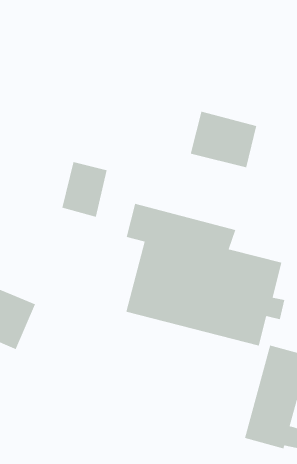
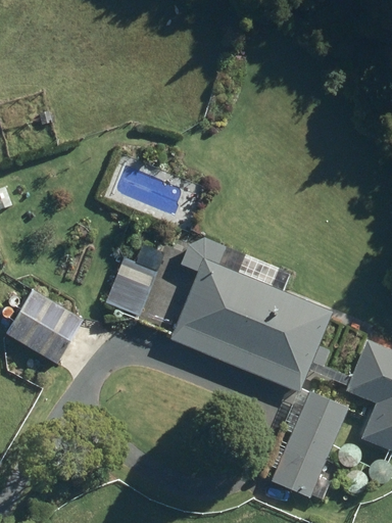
building: [190,111,257,168] -> none
building: [62,161,108,218] -> [106,256,157,316]

